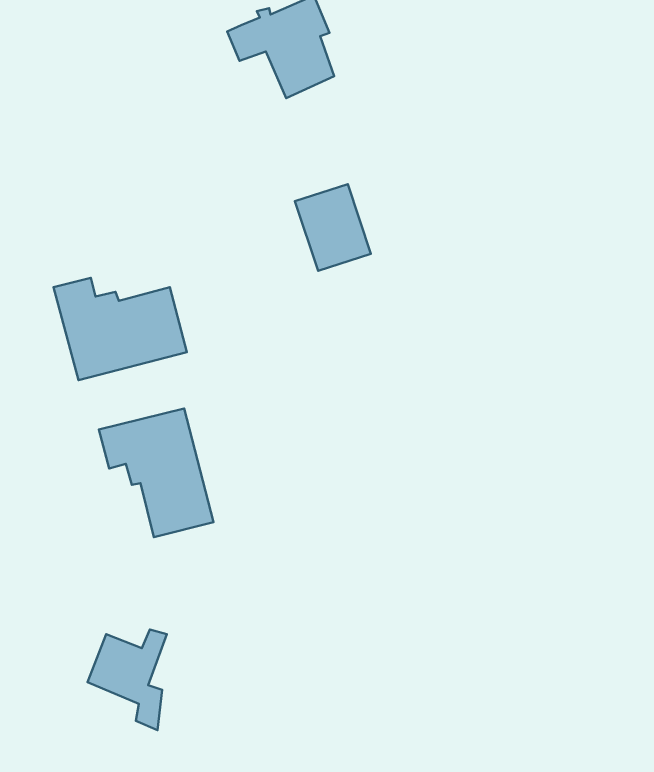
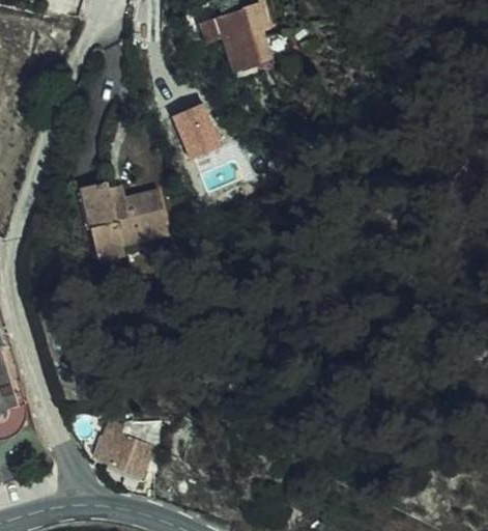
building: [295,184,371,271] -> [174,102,225,160]
building: [99,409,213,537] -> none

